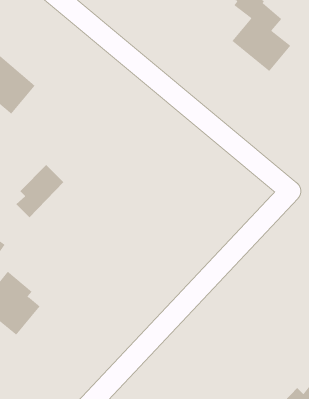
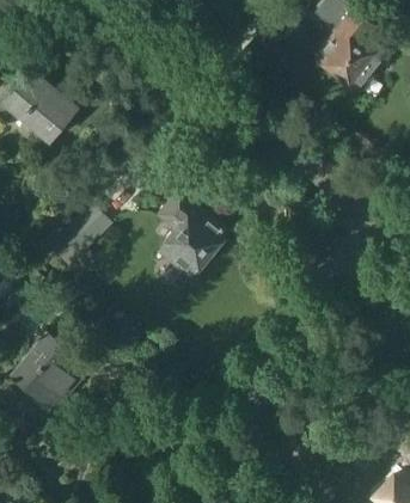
building: none -> [158,192,227,277]

